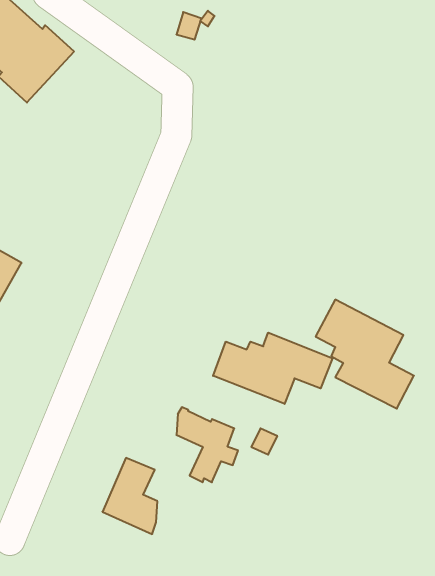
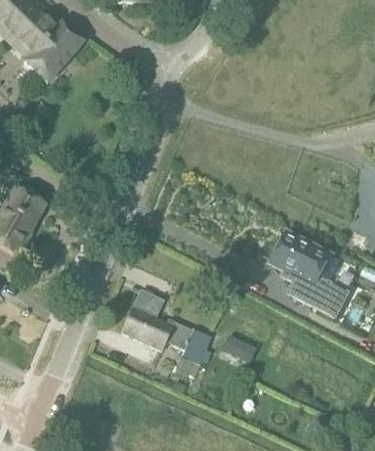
building: [213,333,332,404] -> none
building: [102,458,157,534] -> [121,289,164,349]

